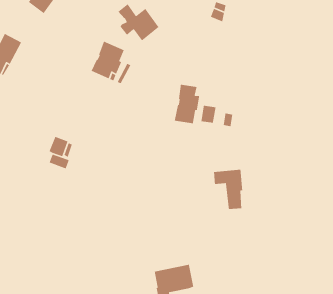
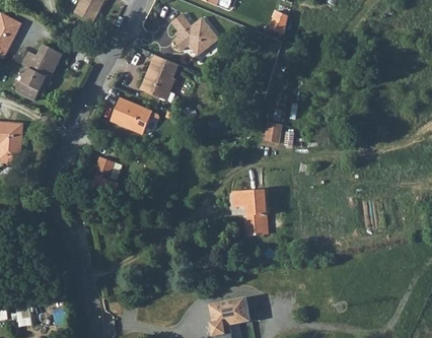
building: none -> [109,95,151,131]
building: [174,84,200,124] -> none
building: [213,169,243,210] -> [233,189,266,233]

